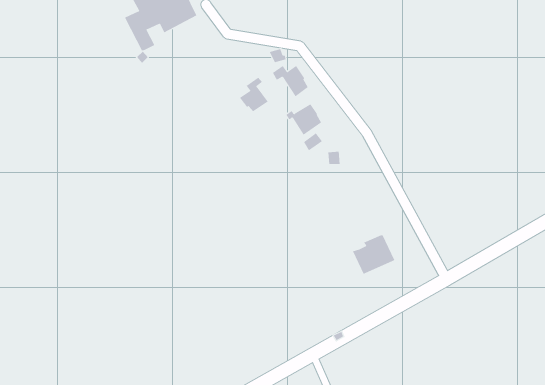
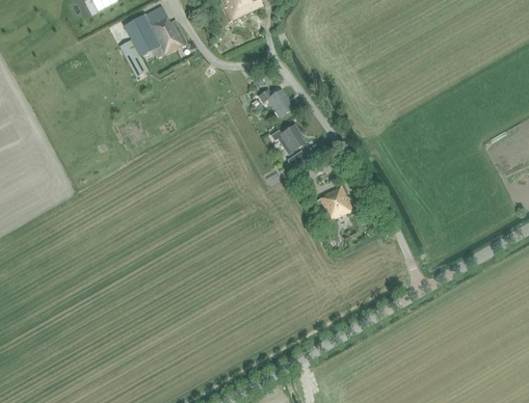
building: [239,77,269,112] -> none
building: [352,235,395,274] -> [313,185,353,222]

